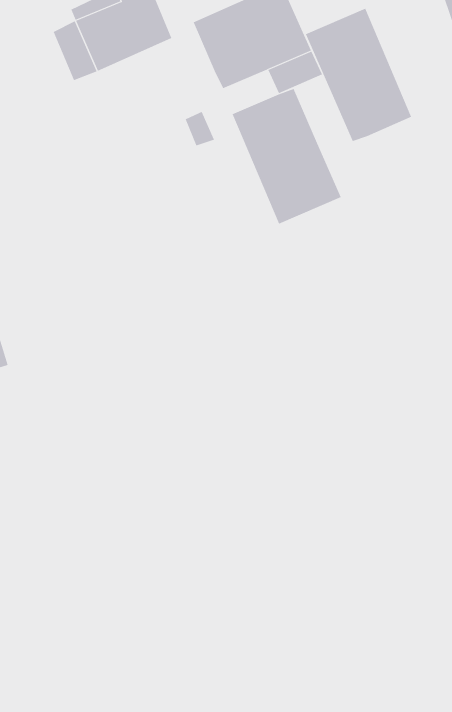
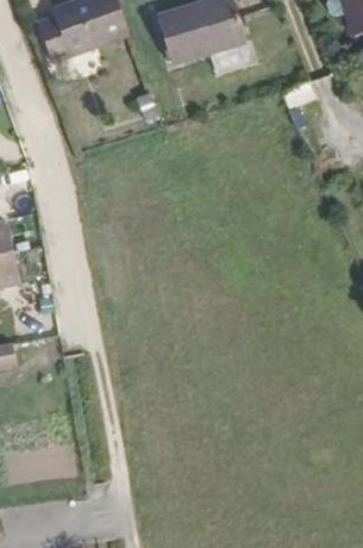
building: [305,8,412,142] -> none
building: [232,88,342,224] -> none

